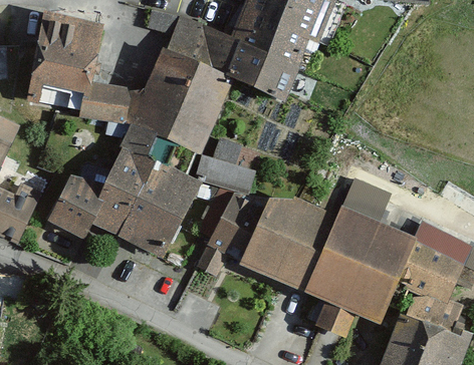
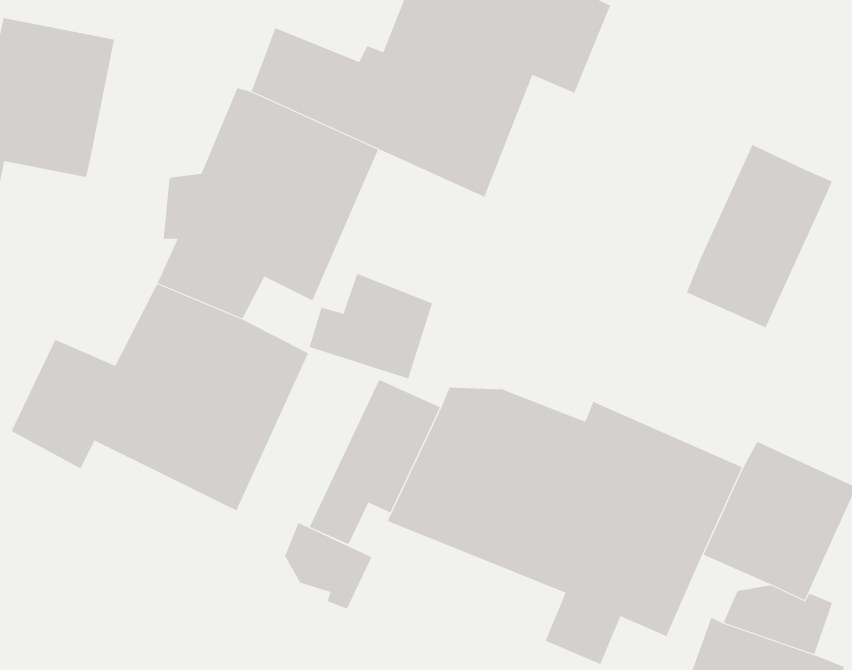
building: none -> [686,144,833,328]
building: [79,81,128,121] -> none
building: [345,171,394,213] -> none
building: none -> [285,522,372,609]

